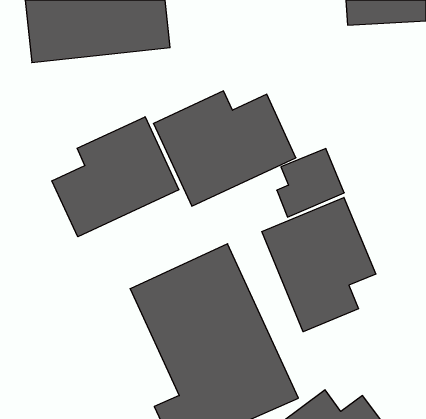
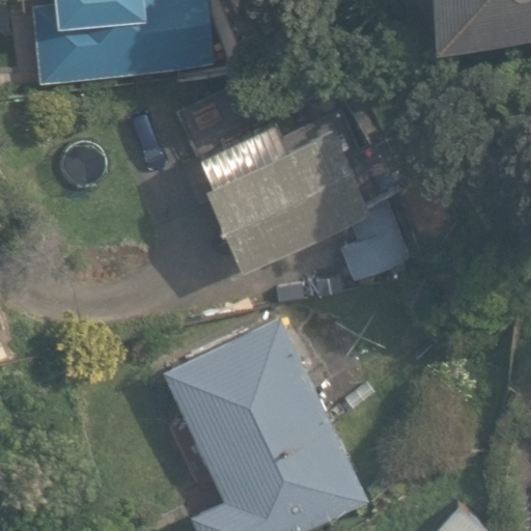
building: [52,117,179,237] -> none
building: [262,197,376,332] -> none

